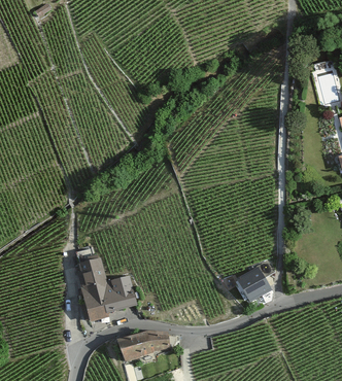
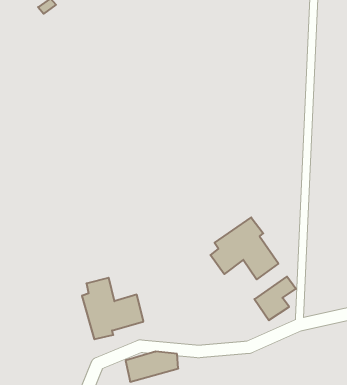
building: none -> [210,217,278,279]

